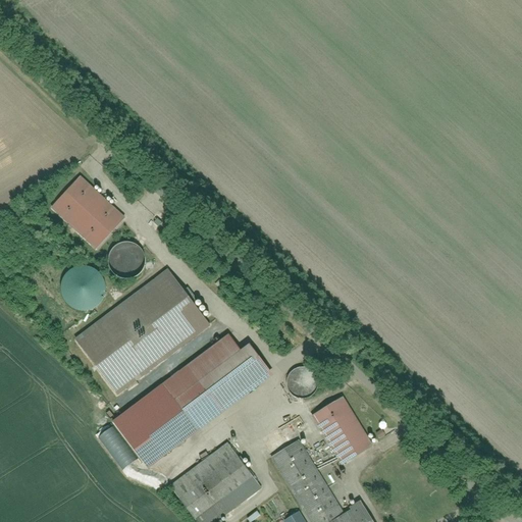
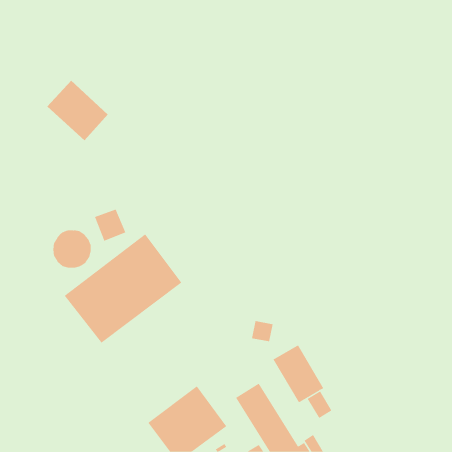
building: [52,176,123,247] -> [46,80,109,141]
building: [112,331,274,468] -> none
building: none -> [307,390,332,419]

